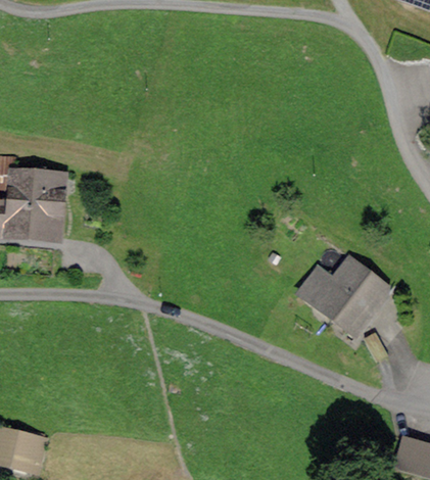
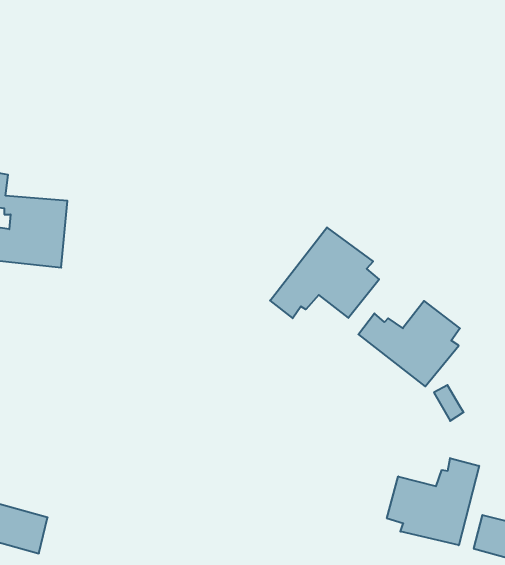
building: none -> [270,227,379,318]
building: none -> [387,458,479,545]

